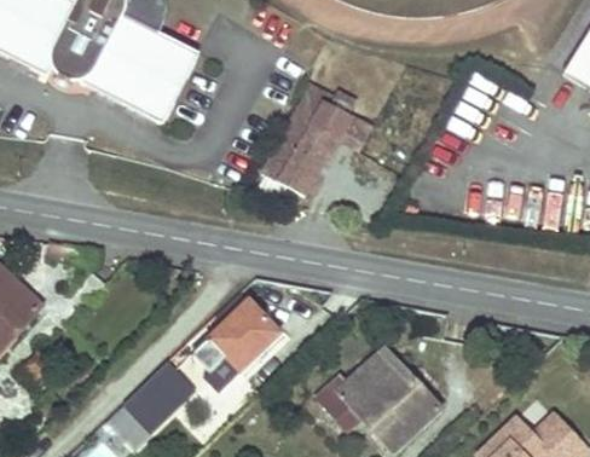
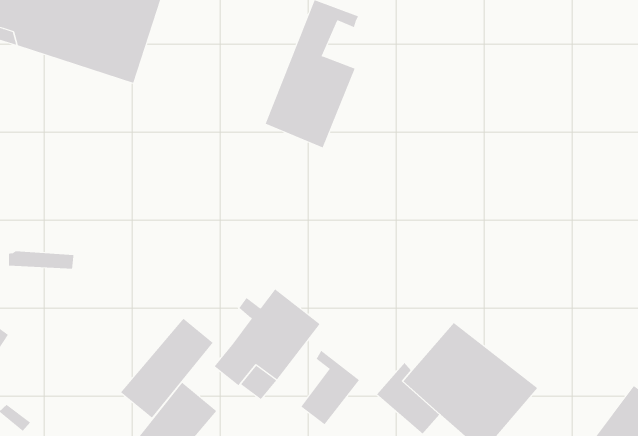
building: [313,99,374,151] -> none
building: none -> [120,318,214,419]
building: none -> [300,350,360,425]

